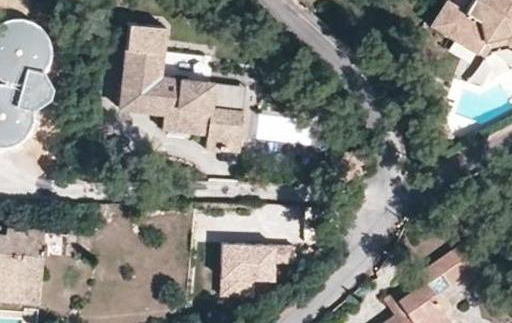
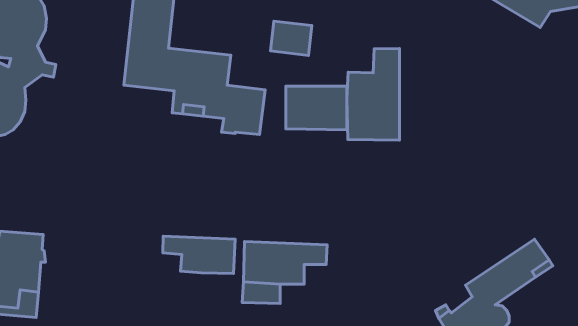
building: none -> [347,48,399,140]
building: [206,79,242,109] -> [270,21,312,56]
building: none -> [163,236,235,274]

